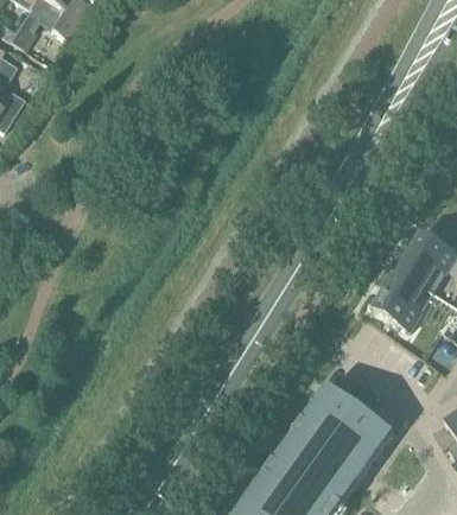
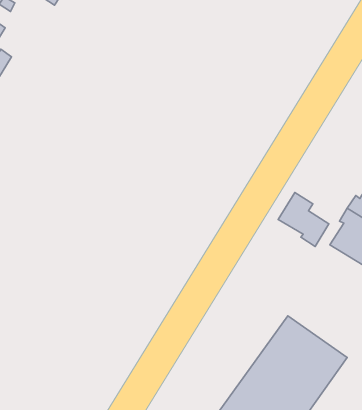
building: none -> [278,193,329,246]

